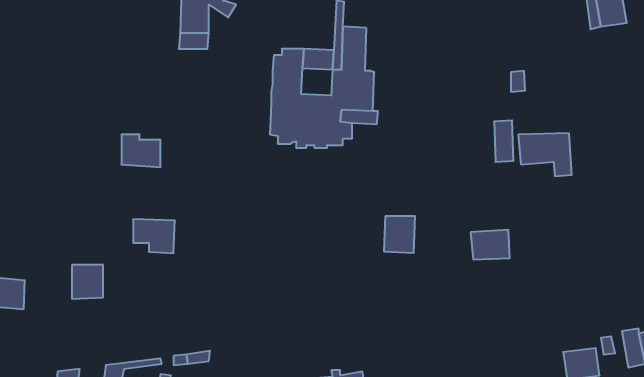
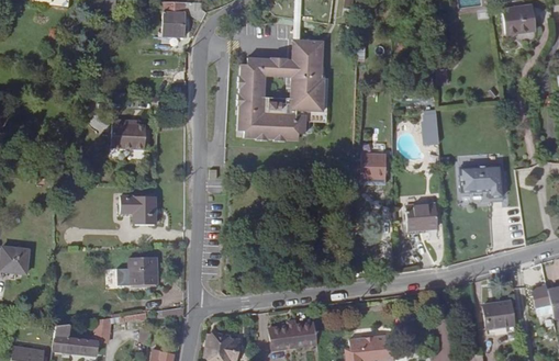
building: [518,133,572,176] -> [459,163,504,200]
building: [384,216,415,253] -> [360,153,387,183]
building: [72,265,103,299] -> [130,255,156,283]

